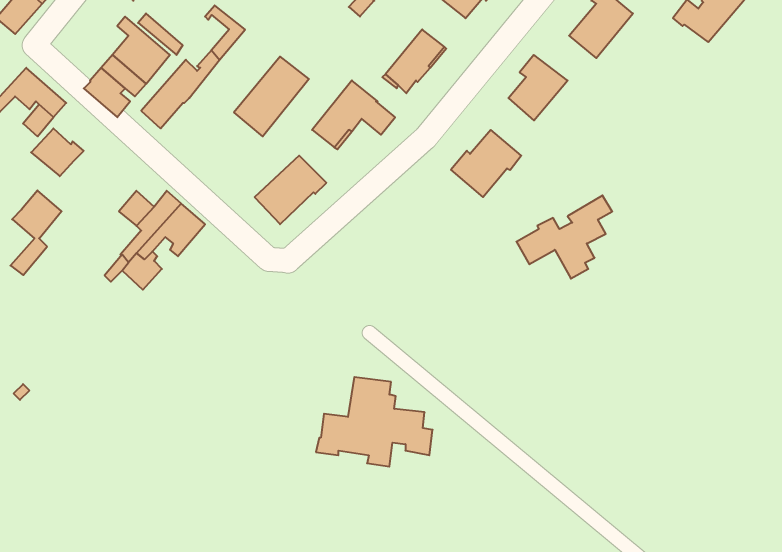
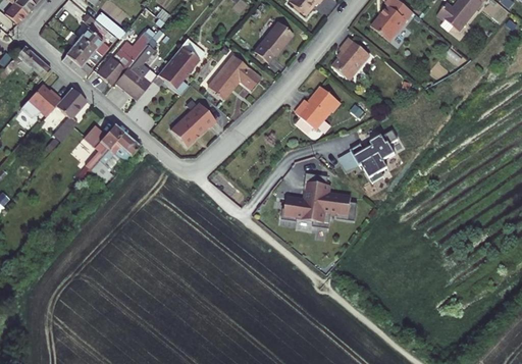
building: none -> [114,65,150,100]
building: [10,190,62,275] -> [54,87,87,141]
building: [316,377,433,467] -> [281,169,356,226]

